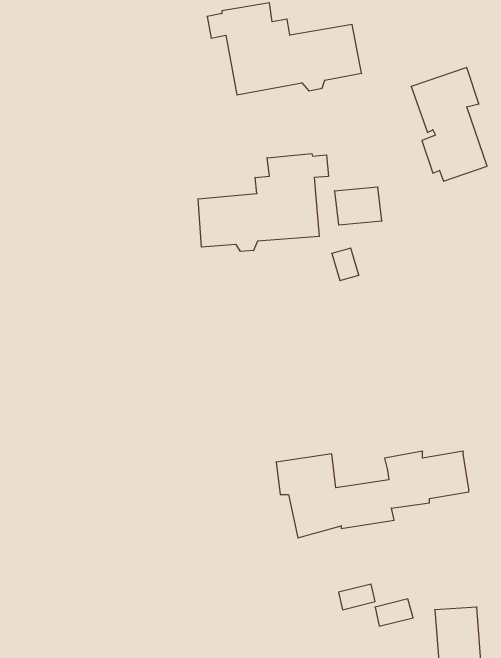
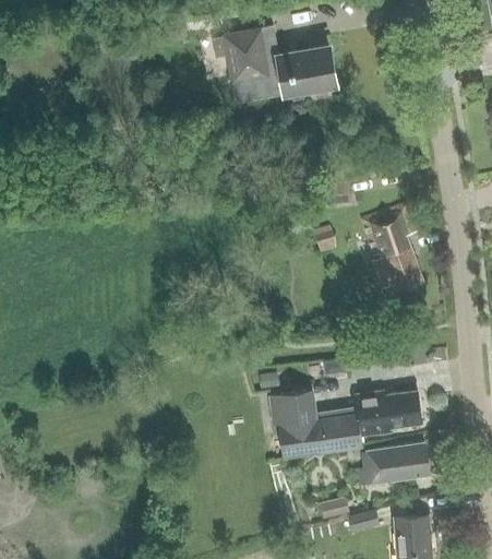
building: [411,67,487,181] -> [362,203,423,295]
building: [198,154,328,251] -> none
building: none -> [357,442,430,484]

